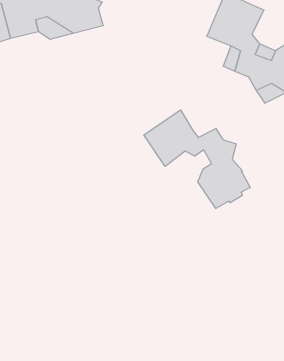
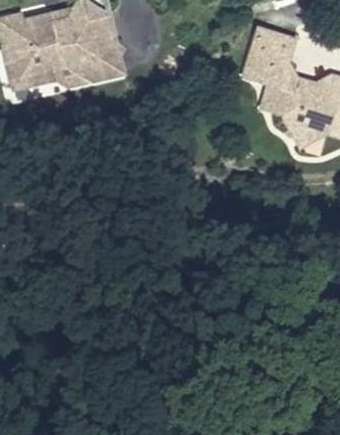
building: [144,110,250,208] -> none

